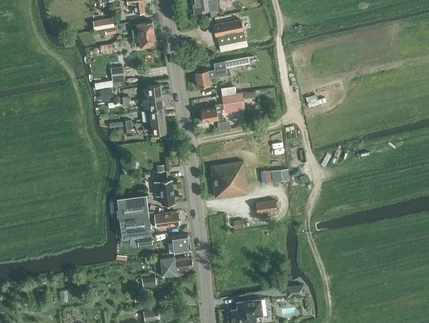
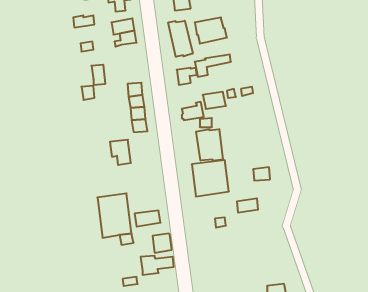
building: none -> [168,21,193,57]
building: none -> [196,129,223,161]
building: [153,180,174,205] -> [110,140,131,165]

